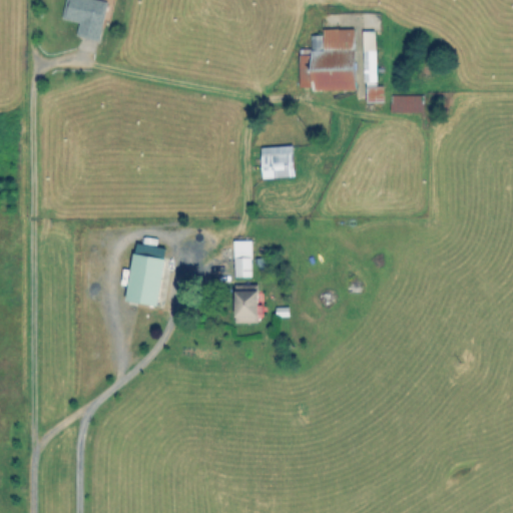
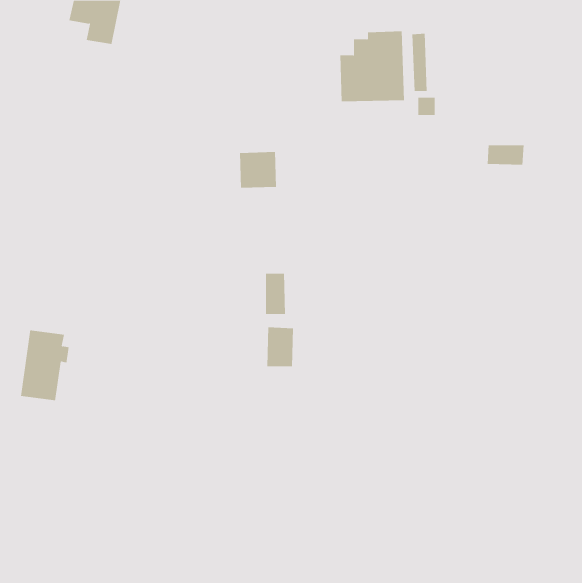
building: [392,95,425,113] -> [487,145,524,165]
building: [262,146,295,178] -> [239,152,277,188]
building: [127,243,170,306] -> [20,330,69,401]

